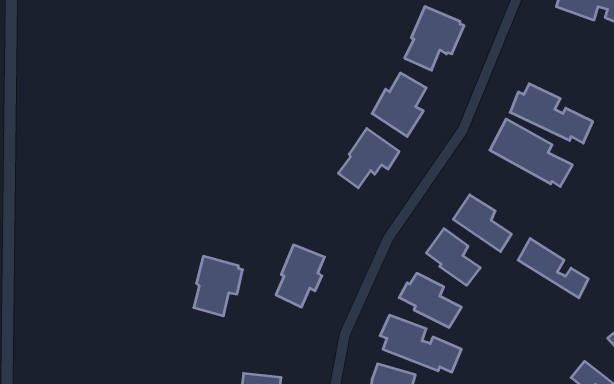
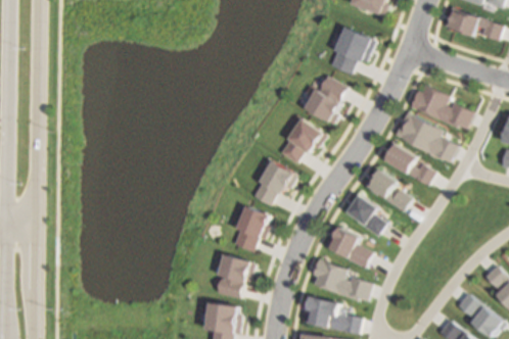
building: none -> [252,159,294,204]
building: [518,238,588,298] -> [381,140,434,185]
building: [194,256,243,316] -> [217,253,253,298]

